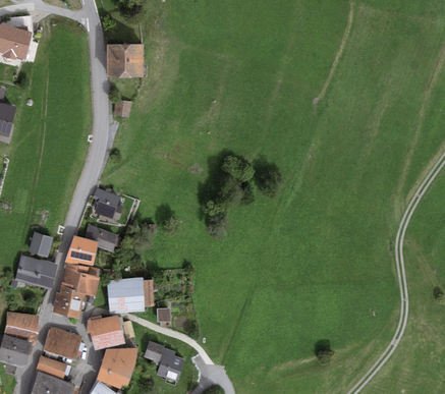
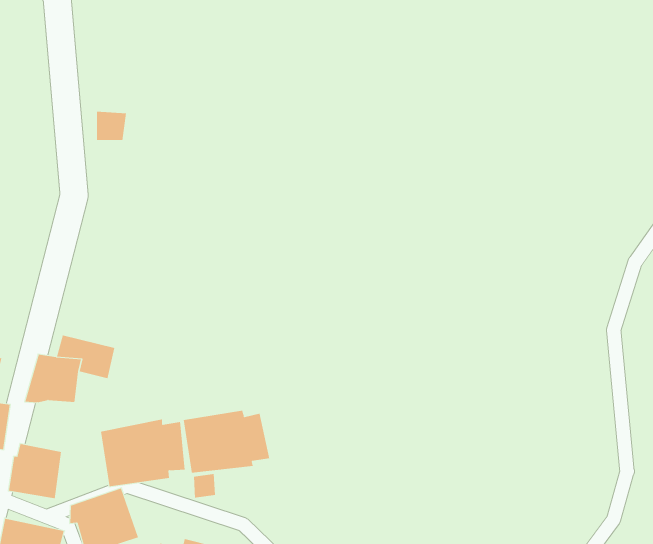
building: [107,42,143,74] -> none
building: [93,188,122,220] -> none
building: [60,263,100,294] -> none
building: none -> [183,410,270,473]

